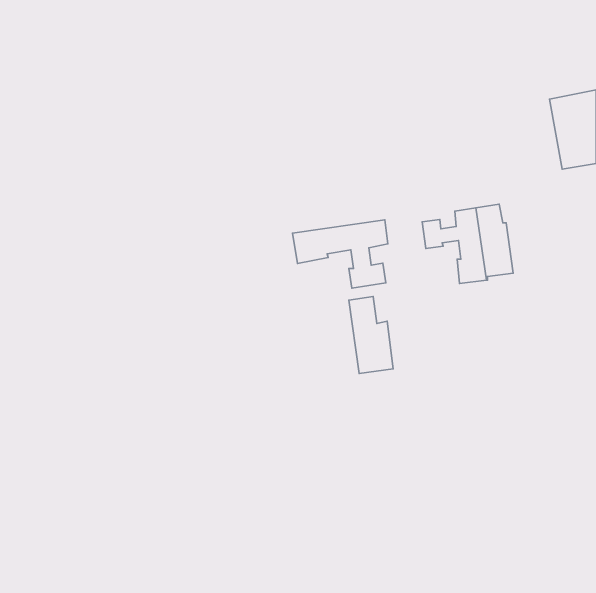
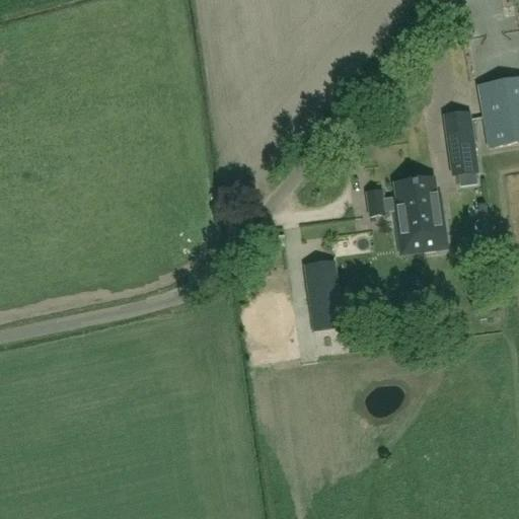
building: none -> [447,112,477,175]
building: [293,220,388,288] -> none

